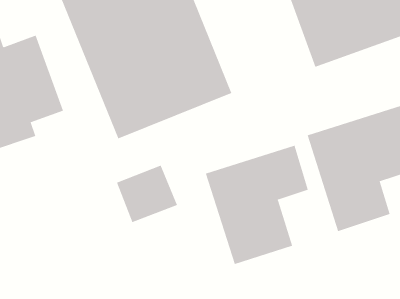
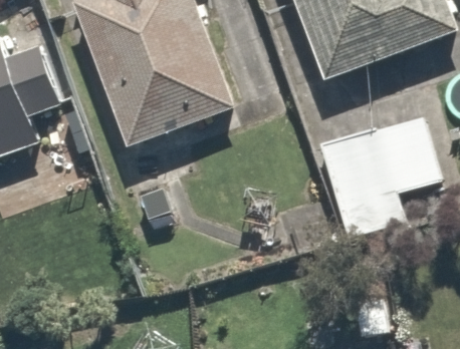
building: [205,145,308,265] -> none

